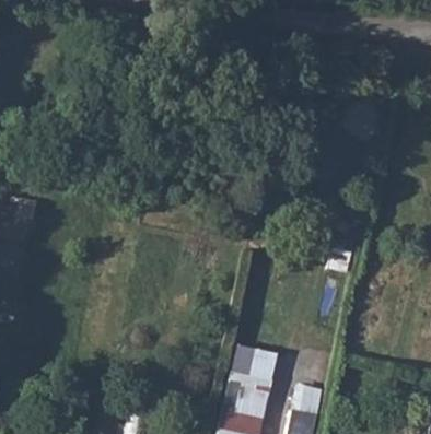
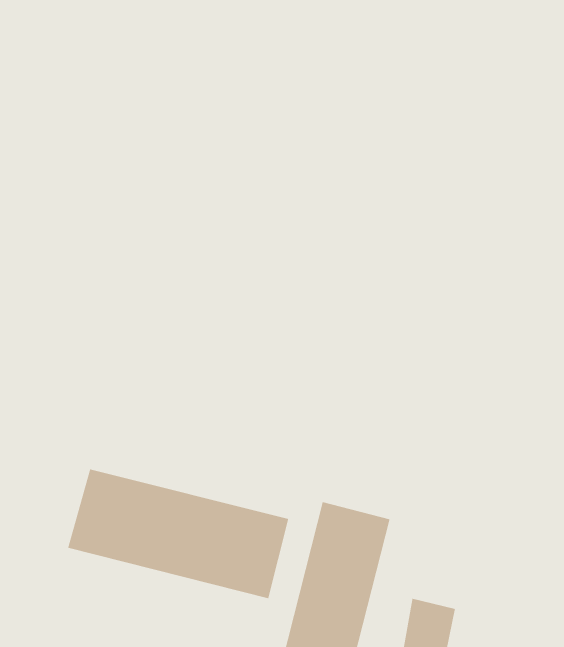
building: none -> [67,469,289,599]

